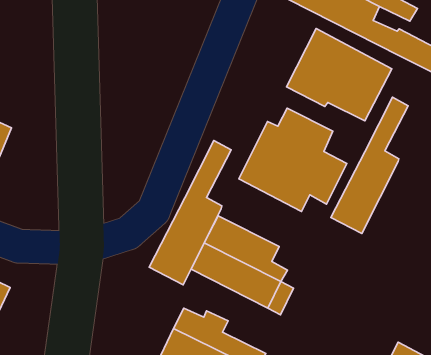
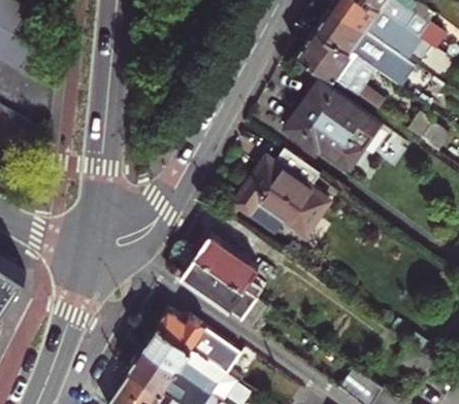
building: [331,97,408,234] -> none
building: [149,141,231,285] -> none

